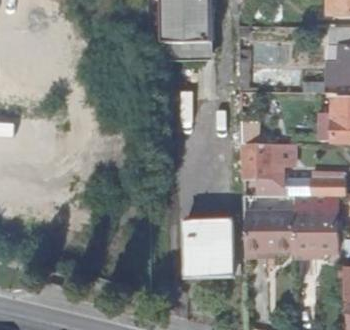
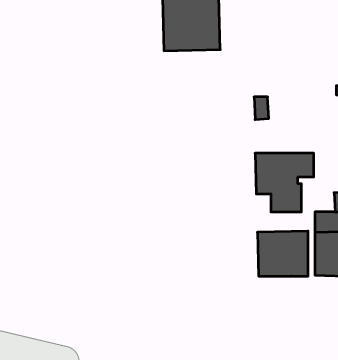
building: [183,220,233,279] -> none

